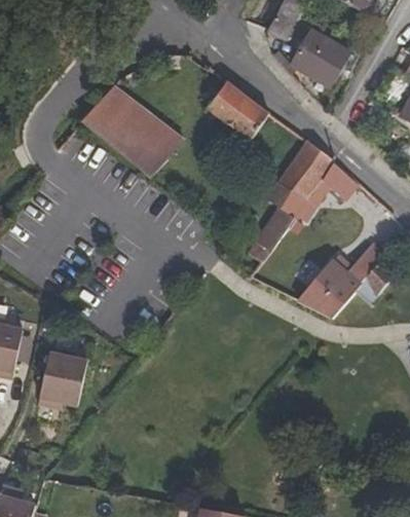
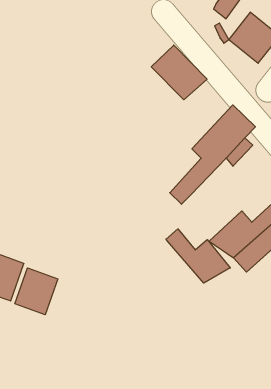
building: [82,85,181,178] -> none
building: none -> [166,229,230,283]
building: none -> [15,268,58,315]

